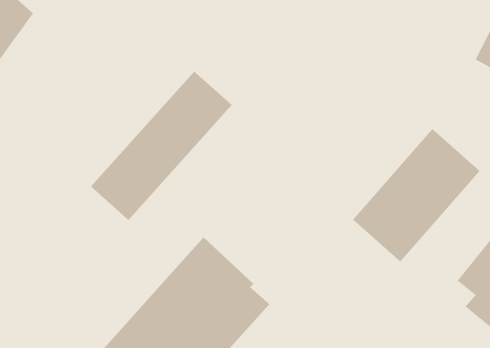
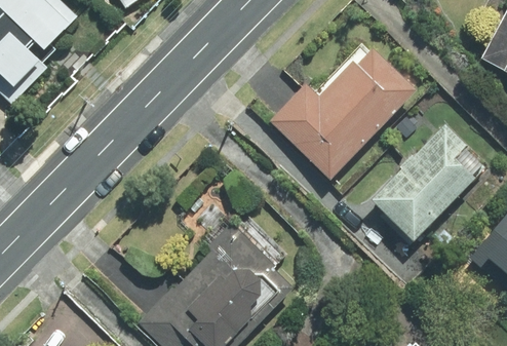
building: none -> [275,40,419,180]
building: [90,71,233,221] -> none

